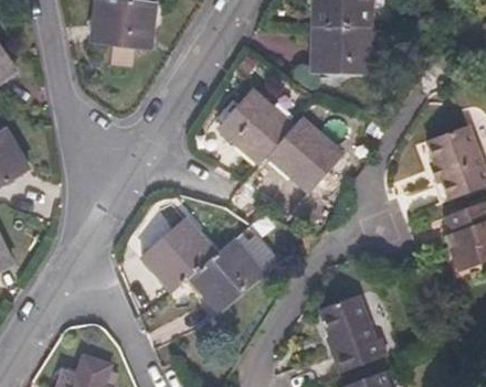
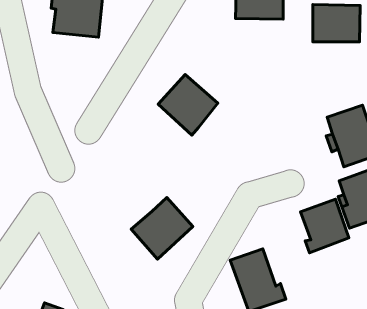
building: [315,25,371,69] -> [313,5,360,42]
building: [271,118,341,189] -> none
building: [144,219,215,290] -> none
building: none -> [301,199,349,253]

